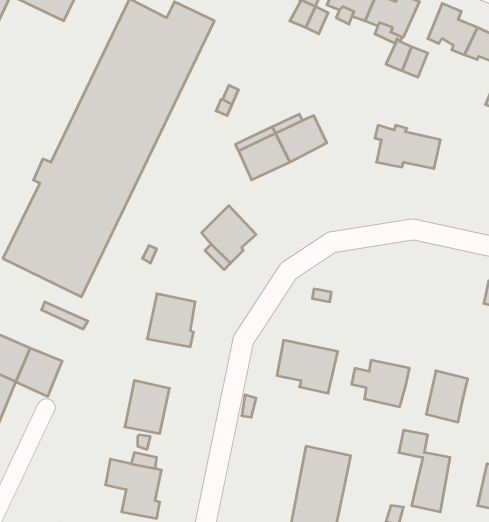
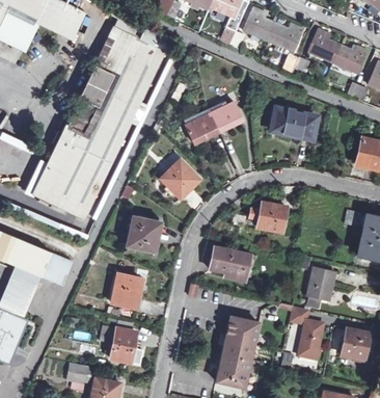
building: [352,360,409,407] -> [249,202,287,232]

